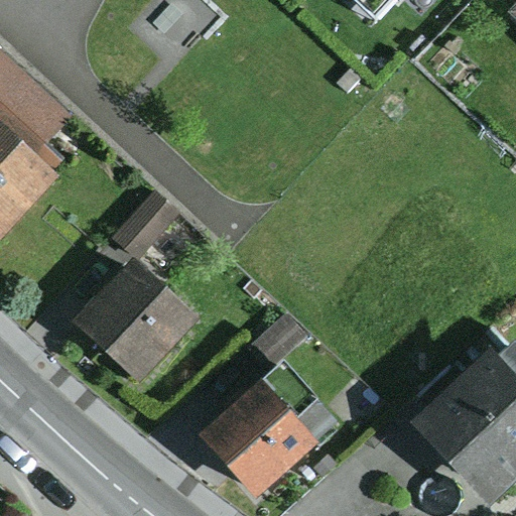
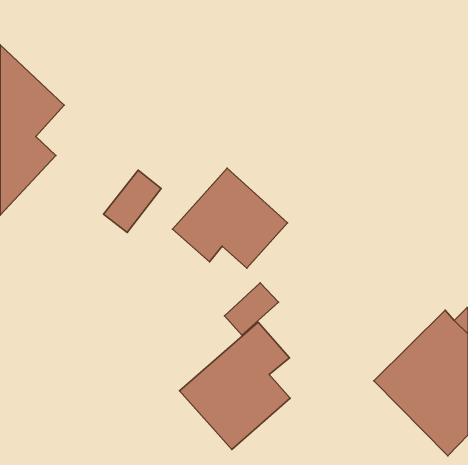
building: none -> [173,168,287,268]
building: [77,258,196,377] -> none

